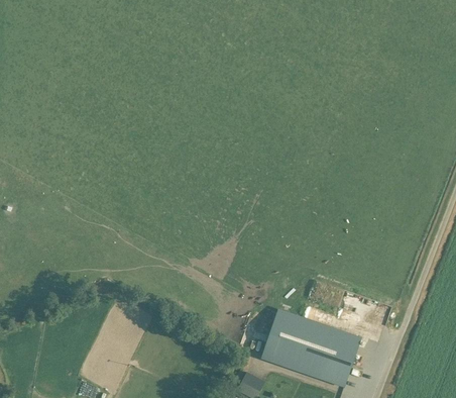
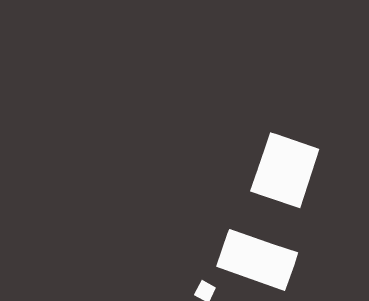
building: none -> [249,132,320,209]

